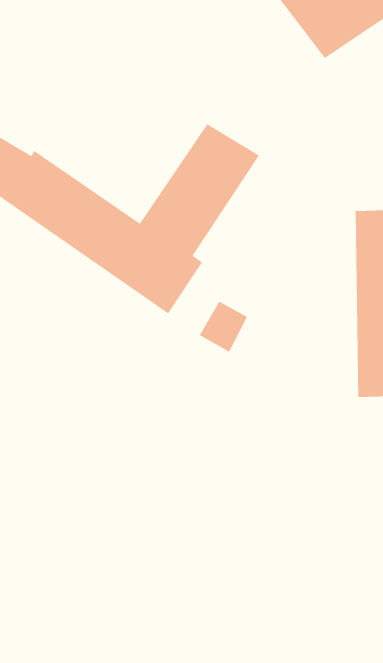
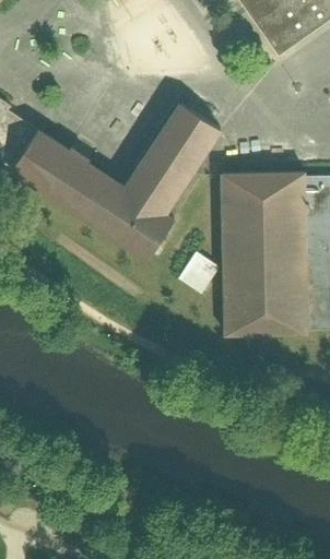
building: none -> [221,174,306,336]

